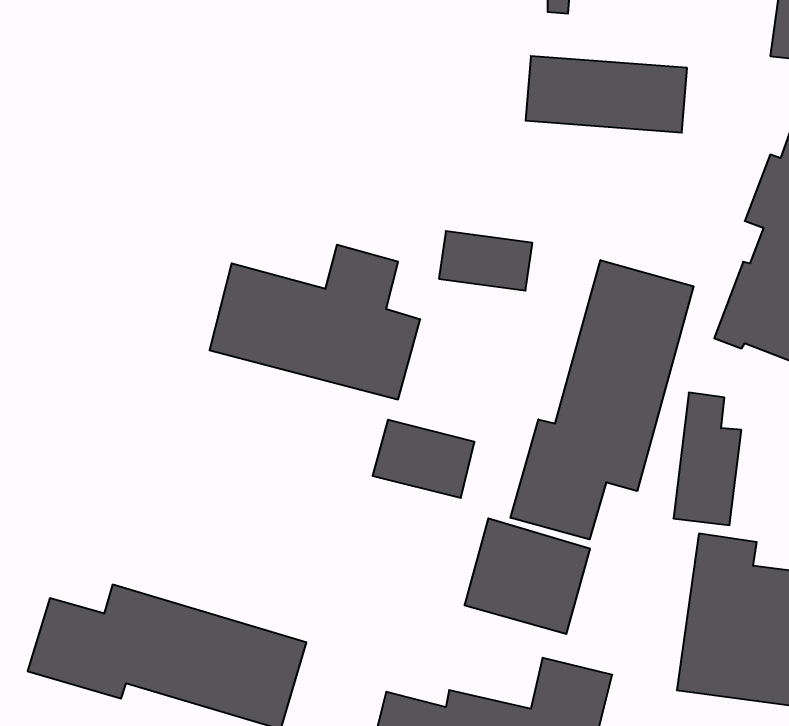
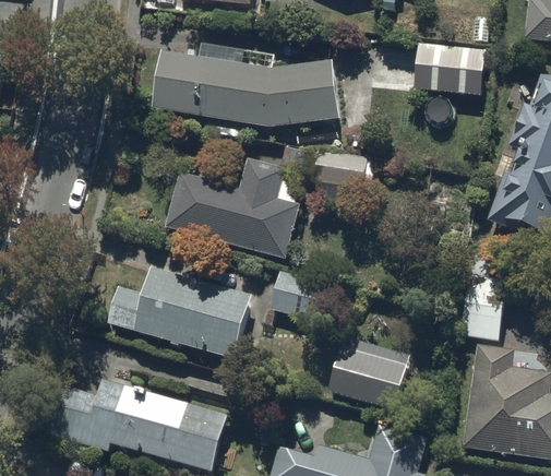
building: none -> [152,44,342,136]
building: [511,260,694,539] -> none
building: none -> [108,265,251,358]

